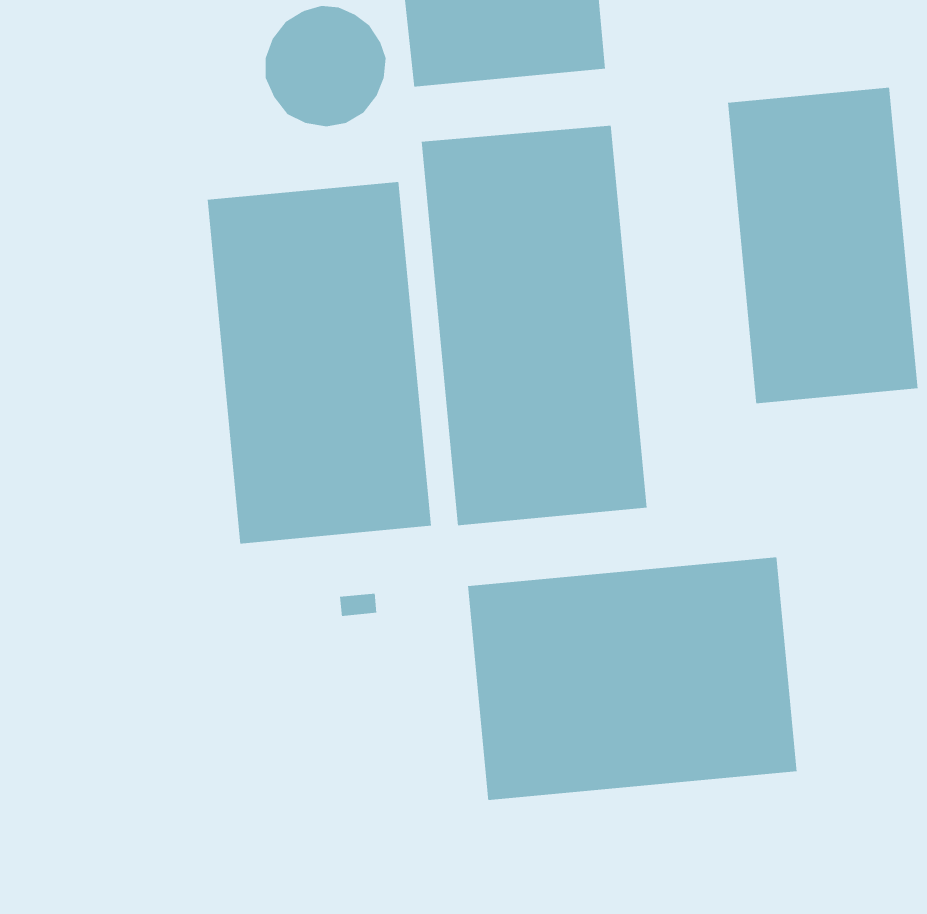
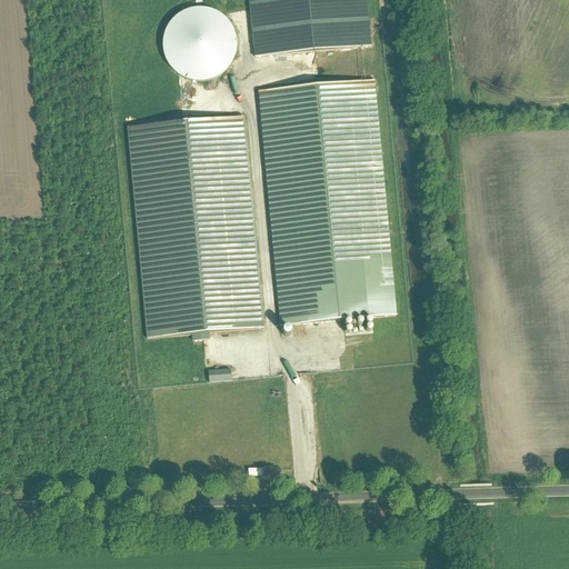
building: [727,87,918,404] -> none
building: [467,556,797,801] -> none

